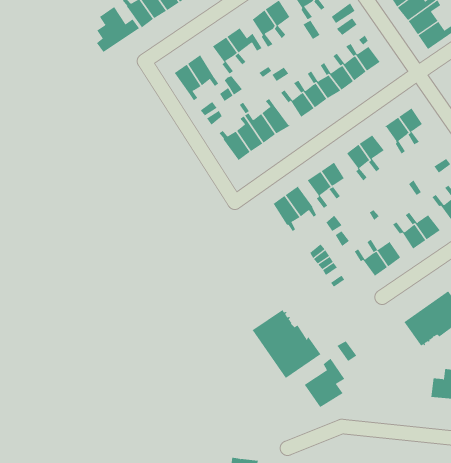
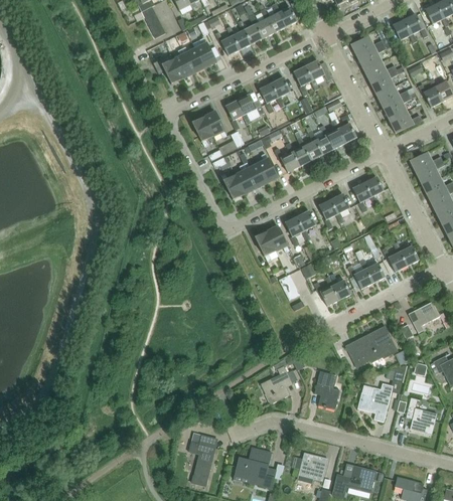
building: [96,6,140,53] -> none
building: [252,309,322,379] -> none
building: none -> [314,370,340,409]

